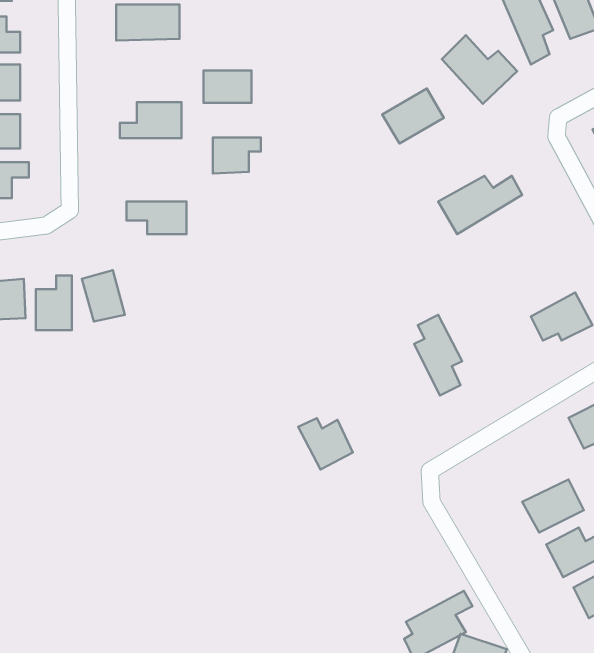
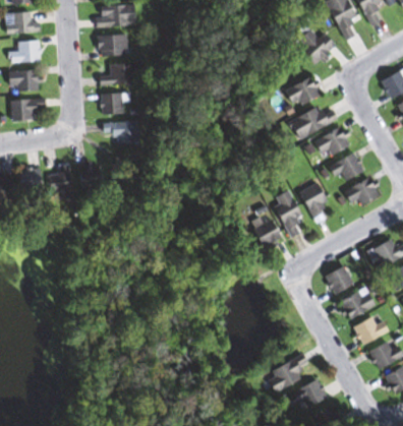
building: [204,70,252,103] -> [99,35,127,54]
building: [382,89,444,144] -> [285,75,322,108]
building: [213,138,261,174] -> [102,93,130,114]
building: none -> [314,126,351,160]
building: none -> [329,150,365,181]
building: none -> [299,182,329,223]
building: [298,418,353,470] -> [249,217,282,247]
building: none -> [325,264,355,294]

